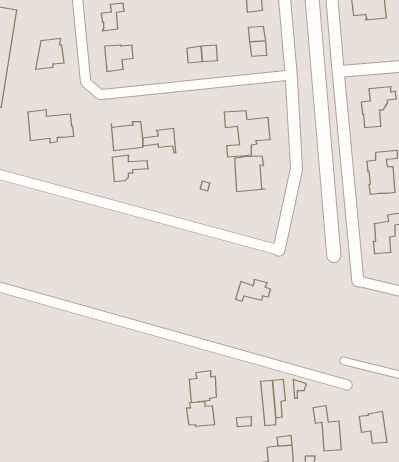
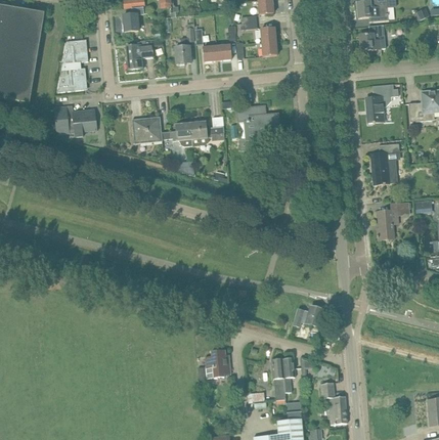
building: none -> [359,25,386,51]
building: none -> [175,29,194,63]
building: none -> [57,65,86,92]
building: [112,155,148,182] -> [190,121,224,145]
building: [235,156,265,192] -> none
building: [235,279,271,301] -> [293,306,325,326]
building: [186,402,214,427] -> none
building: [359,411,387,443] -> none

